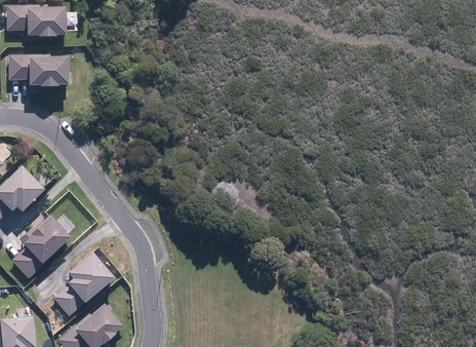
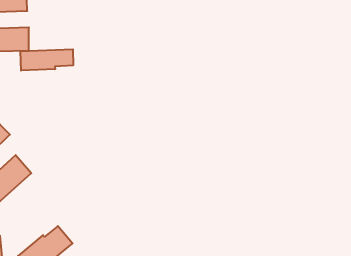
building: none -> [20,49,73,71]
building: [52,253,115,317] -> none

